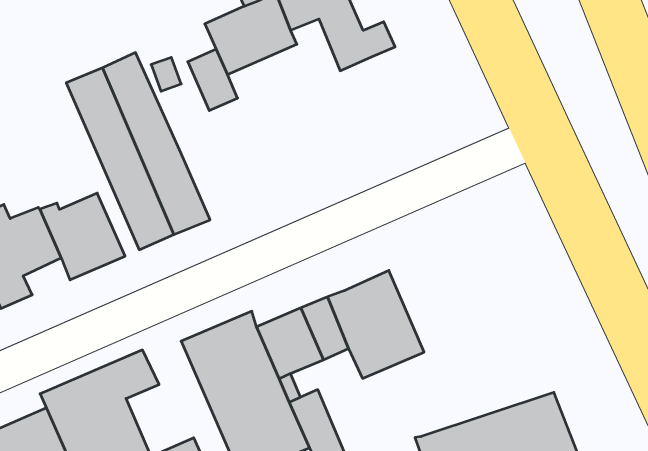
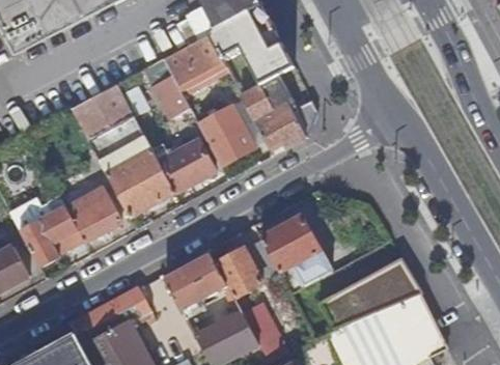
building: none -> [239,74,306,156]
building: none -> [197,106,254,166]
building: none -> [152,140,215,193]
building: none -> [318,256,422,329]

